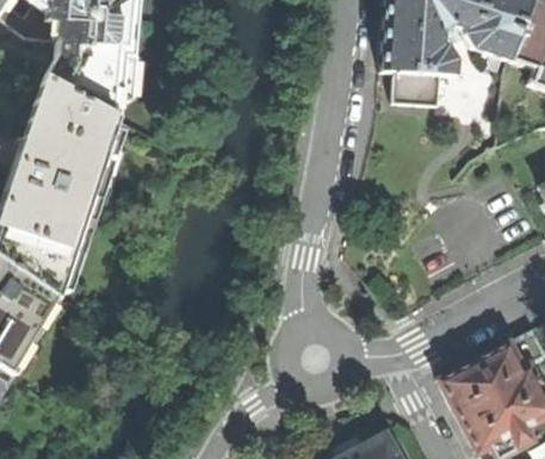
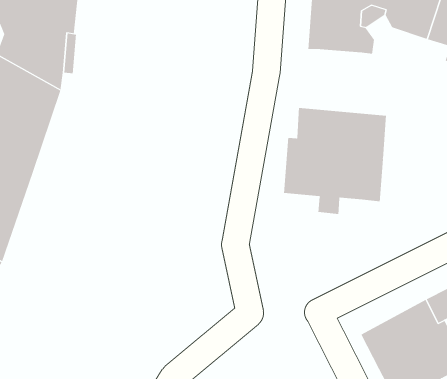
building: [394,74,441,106] -> none
building: none -> [283,107,387,215]

